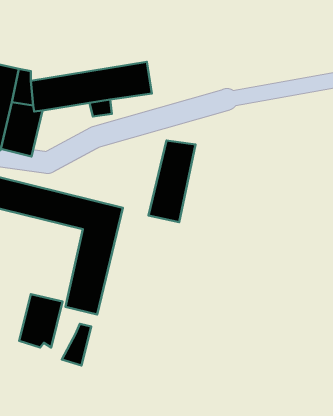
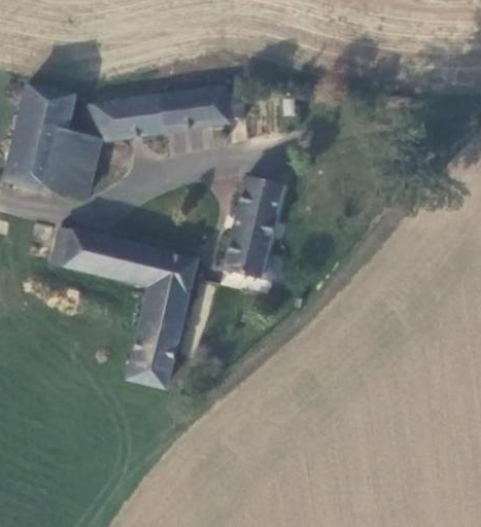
building: [19,294,62,348] -> none
building: [62,324,91,365] -> none

